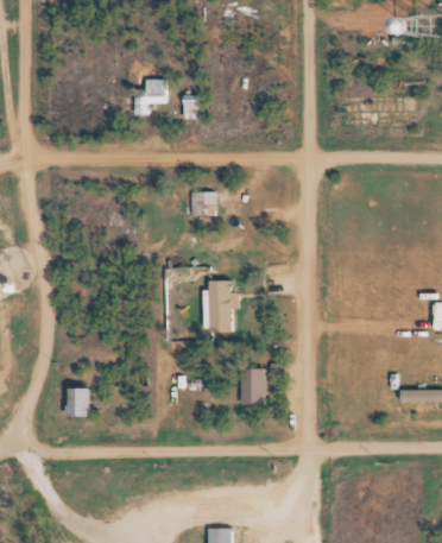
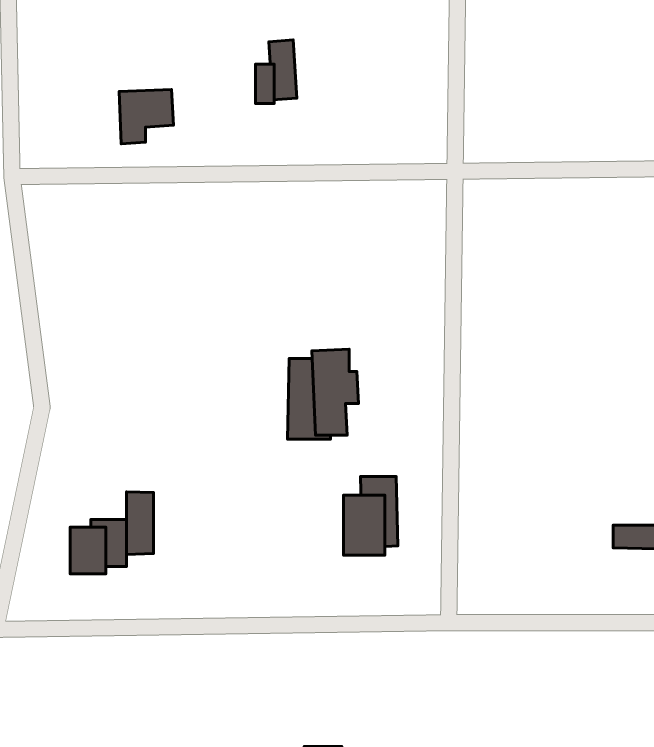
building: [134,81,169,115] -> [119,90,173,144]
building: [194,191,227,216] -> none
building: none -> [126,492,154,554]

